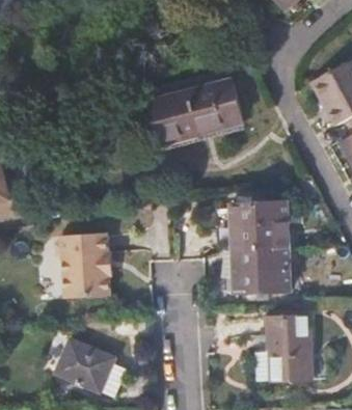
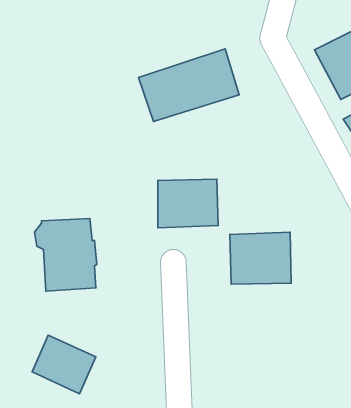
building: [234,203,288,247] -> [158,179,218,228]
building: [263,315,312,378] -> none

